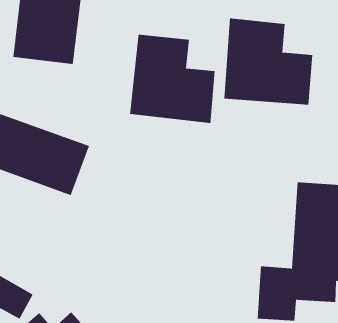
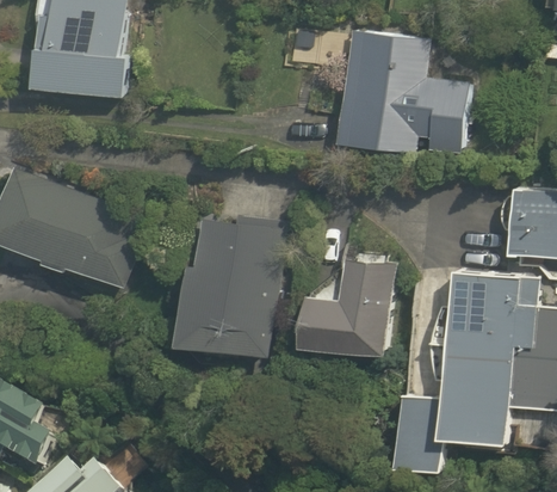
building: [130,34,215,124] -> none
building: none -> [179,211,285,353]
building: none -> [308,256,390,356]

